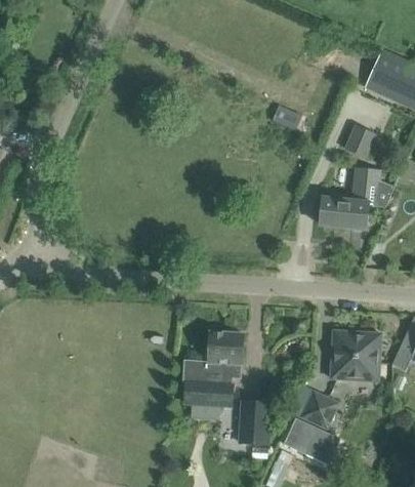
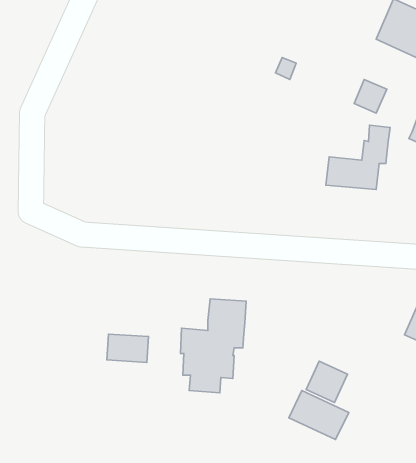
building: [331,329,381,380] -> none
building: none -> [107,334,149,362]
building: [239,403,271,445] -> none

